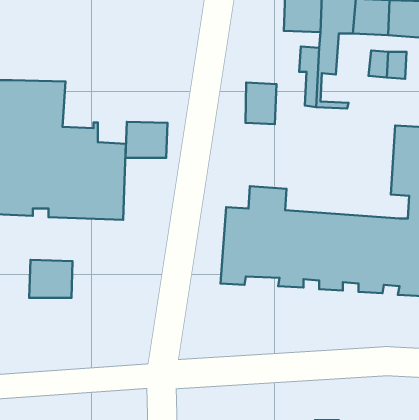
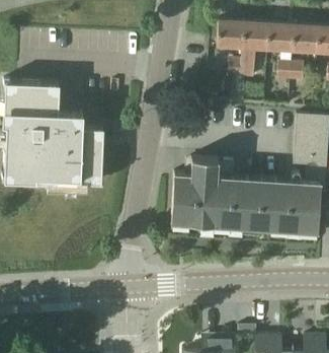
building: [246,83,277,124] -> none
building: [125,122,167,158] -> none
building: [29,260,73,298] -> none

